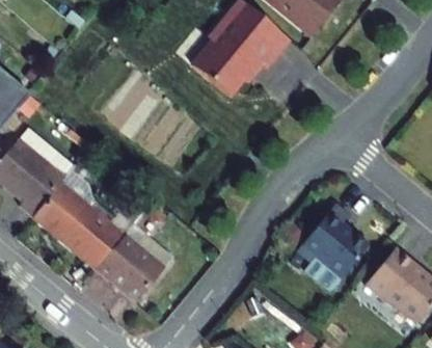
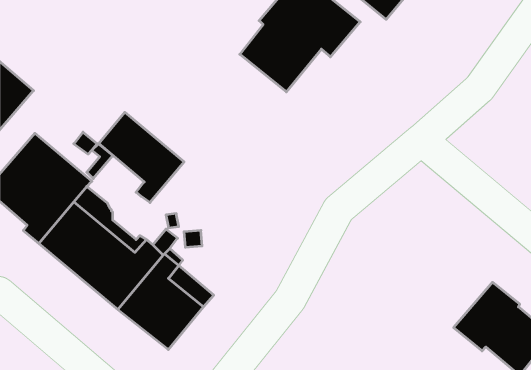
building: none -> [99,112,184,203]
building: [297,205,369,278] -> none

